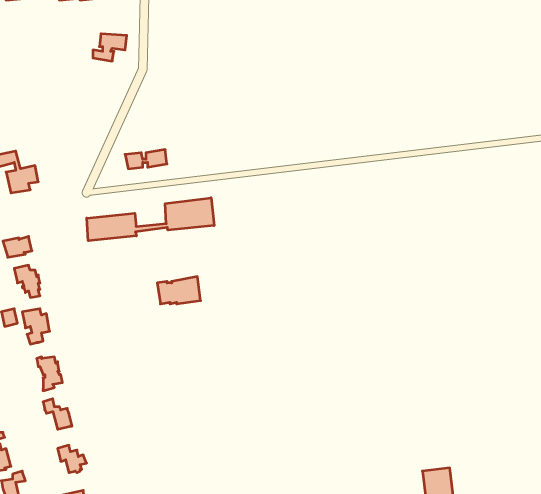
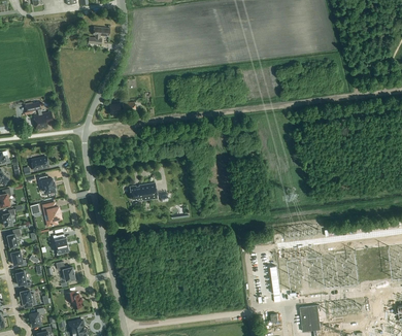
building: [87,198,214,241] -> none

